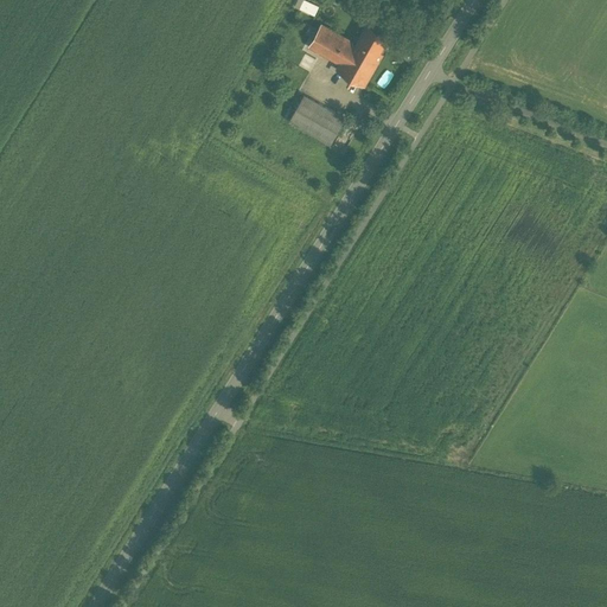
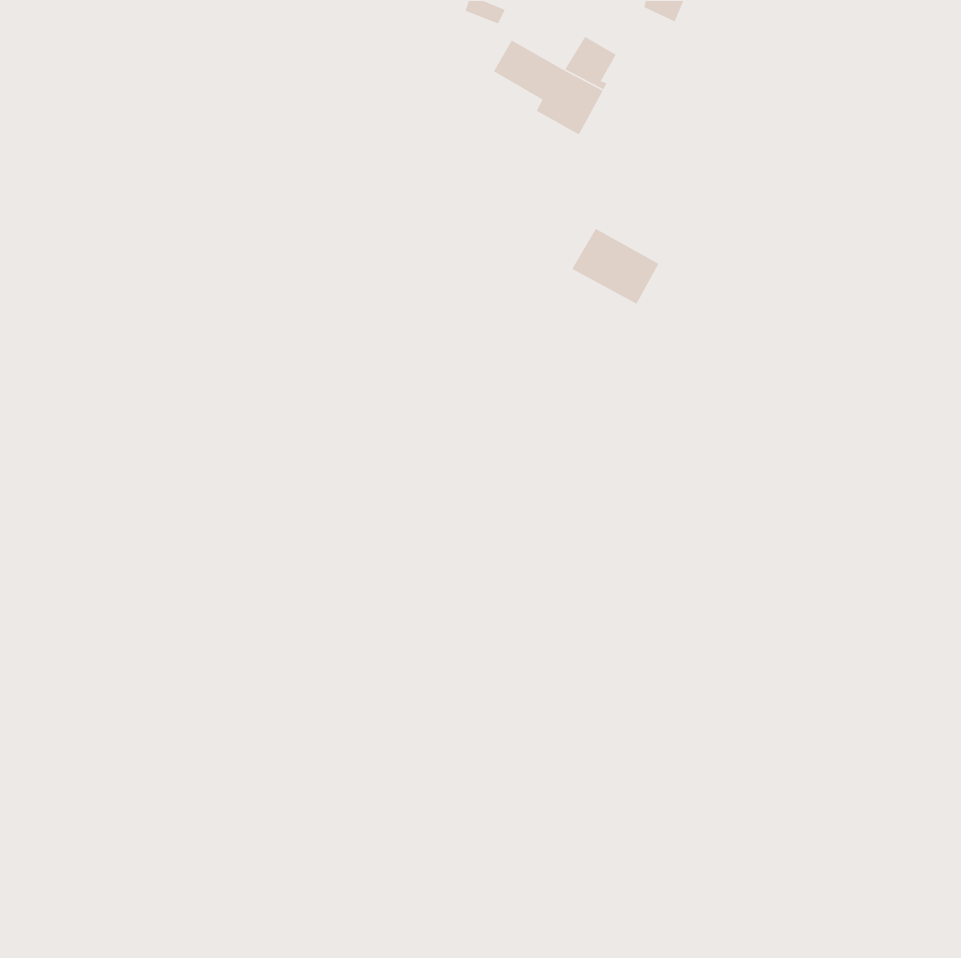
building: [286,100,341,148] -> [571,228,659,305]

